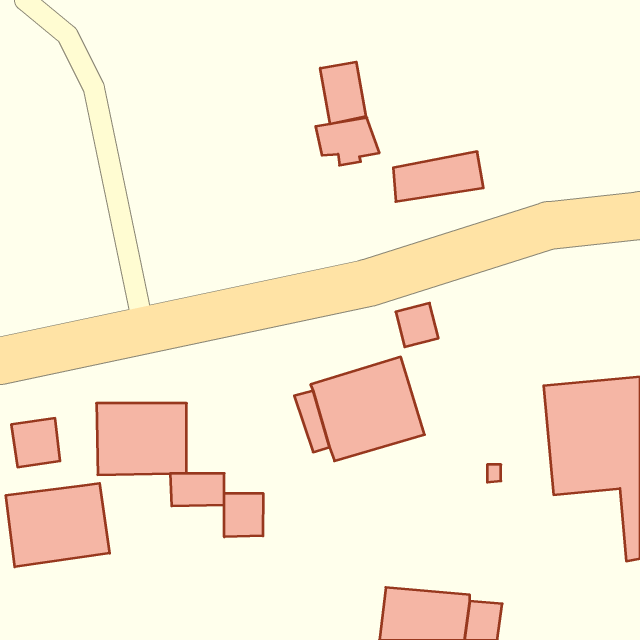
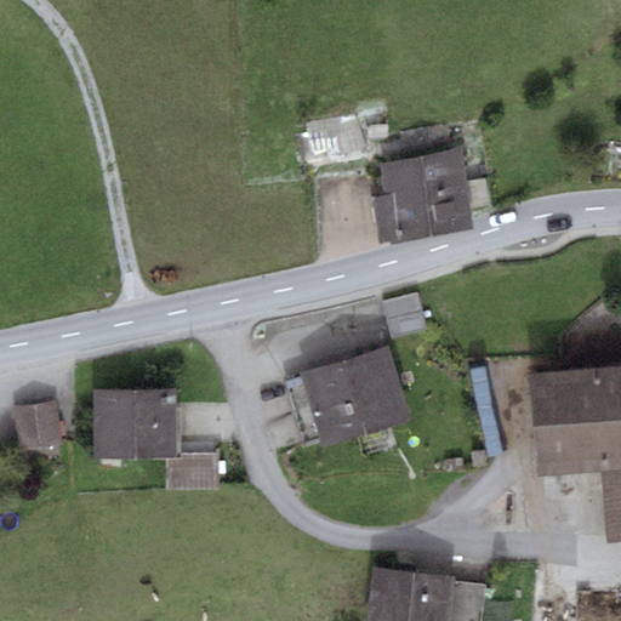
building: [320,62,366,124] -> none
building: none -> [374,182,473,244]
building: [6,483,110,567] -> none
building: [224,493,263,537] -> none

